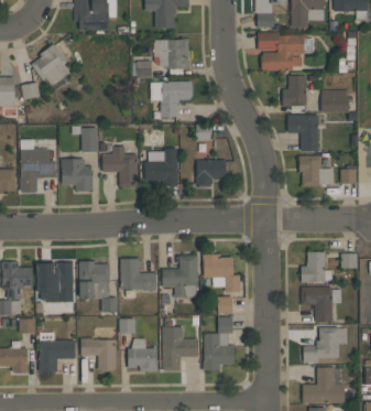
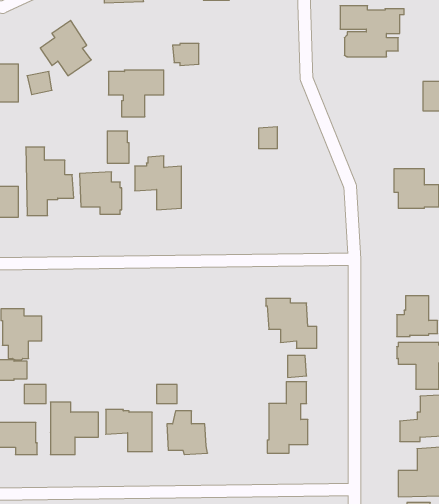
building: [154,37,188,68] -> none
building: [282,75,306,106] -> none
building: [150,80,192,116] -> [108,70,164,117]
building: [287,113,318,151] -> none
building: [144,148,177,185] -> none
building: [196,159,226,184] -> none
building: [162,255,197,296] -> none
building: [120,258,156,290] -> none
building: [37,260,74,302] -> none
building: [78,260,117,312] -> none
building: [162,326,198,370] -> none

